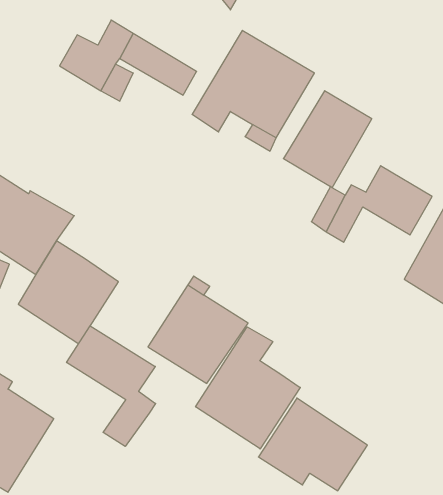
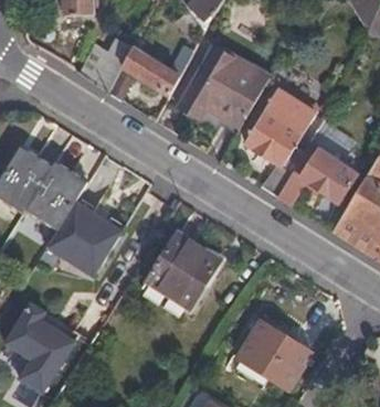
building: [67,326,156,446] -> none
building: [196,327,300,449] -> none

